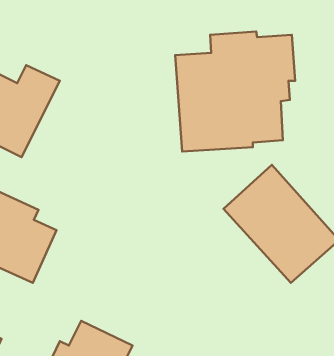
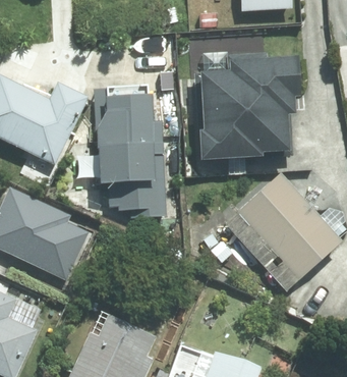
building: none -> [93,88,167,219]

